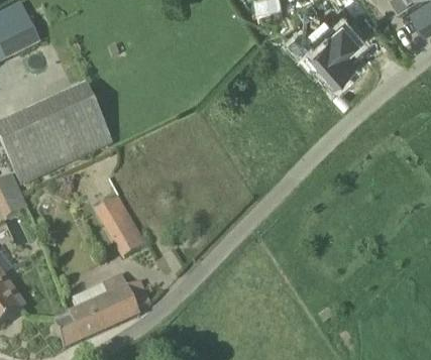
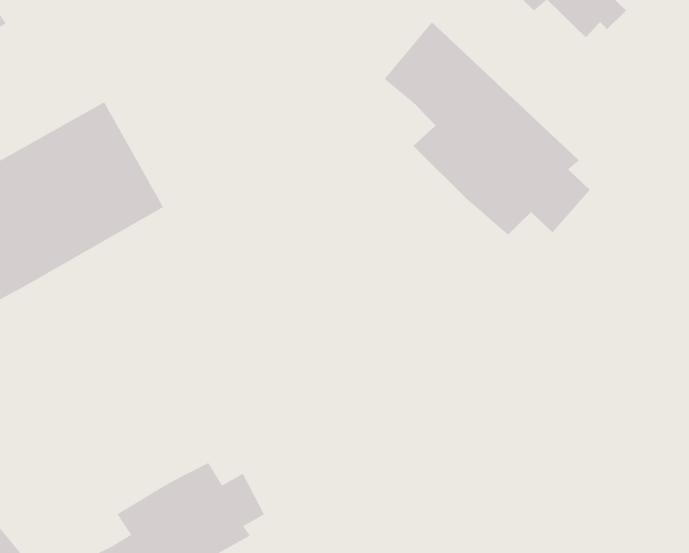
building: none -> [384,22,590,236]
building: [95,196,144,256] -> none

